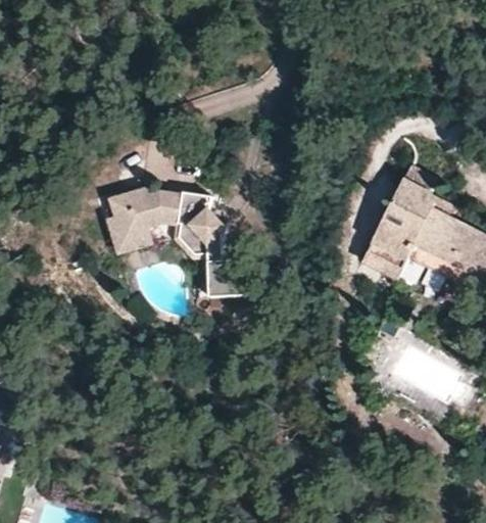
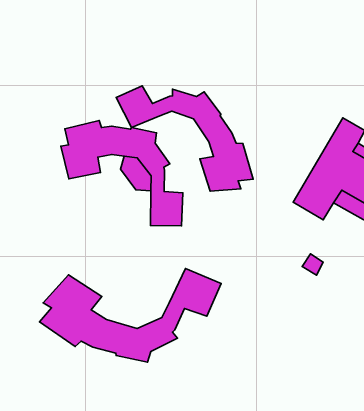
building: none -> [116,86,253,191]
building: none -> [39,269,221,362]

